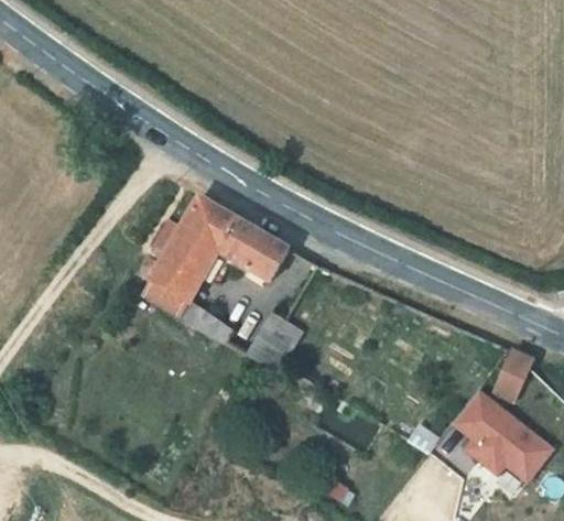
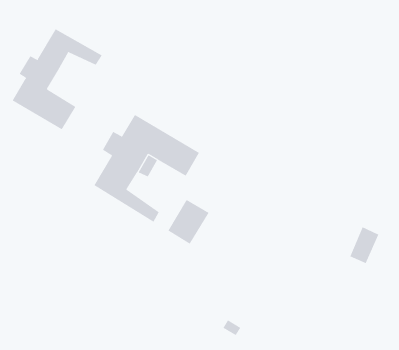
building: none -> [12,28,102,130]
building: [446,388,552,484] -> none

